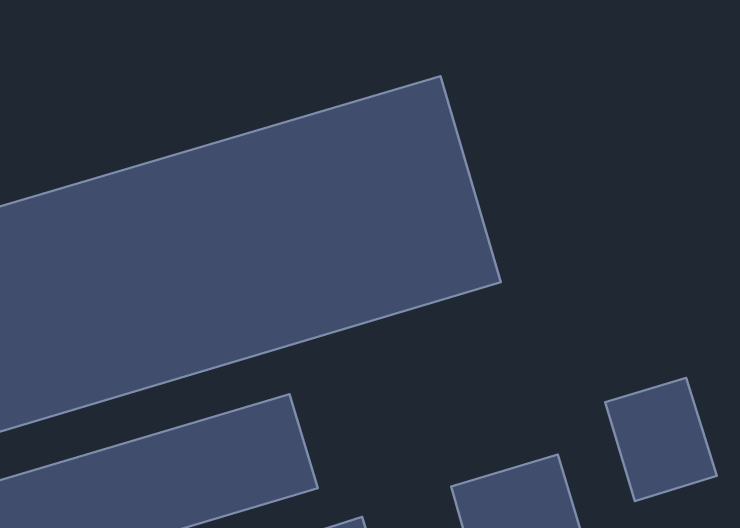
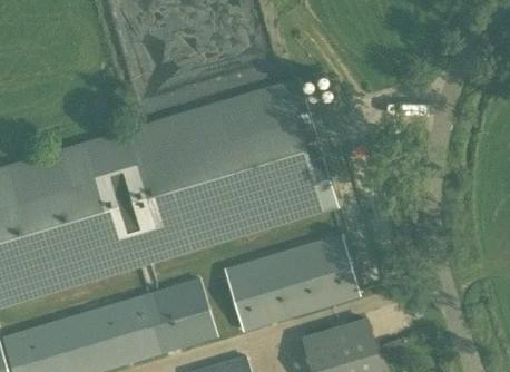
building: none -> [223,235,359,332]
building: [605,378,717,501] -> none

